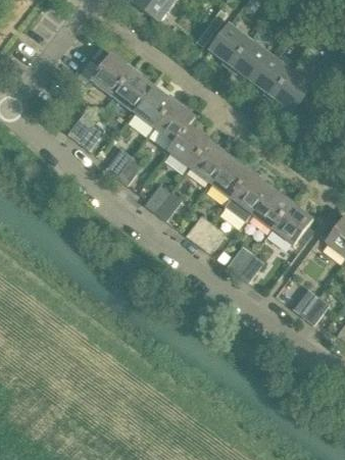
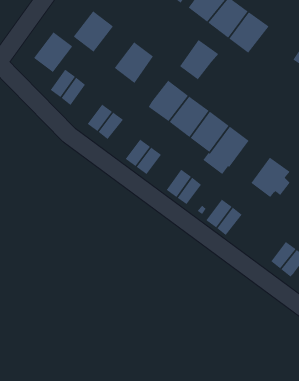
building: [112,69,153,111] -> [33,32,73,73]
building: [270,69,312,112] -> none
building: [154,100,195,142] -> [179,39,219,80]
building: [251,186,292,228] -> none

